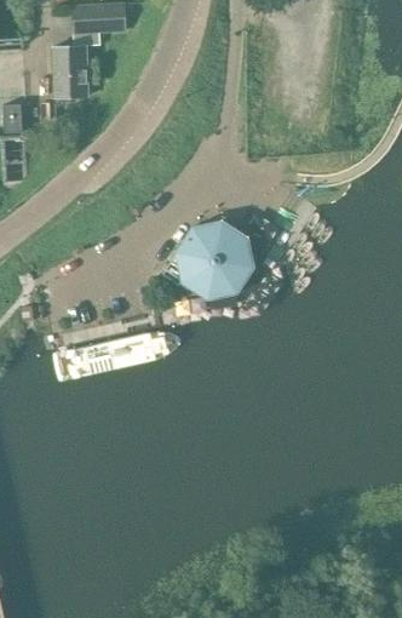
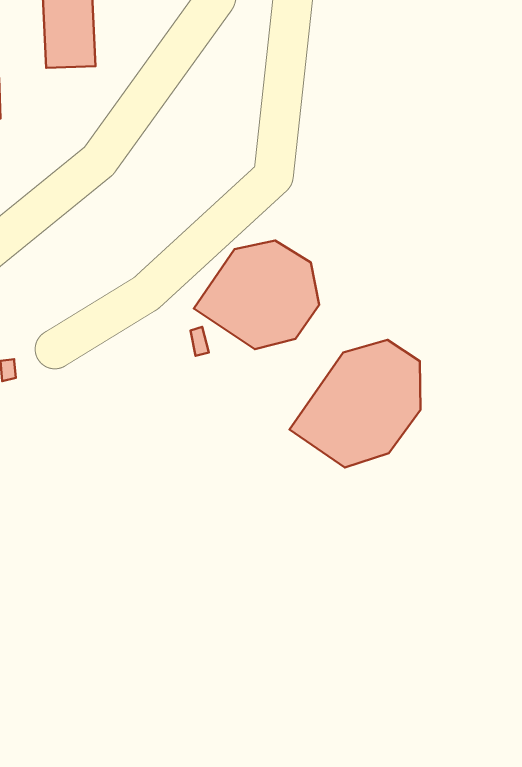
building: none -> [289,340,421,468]

